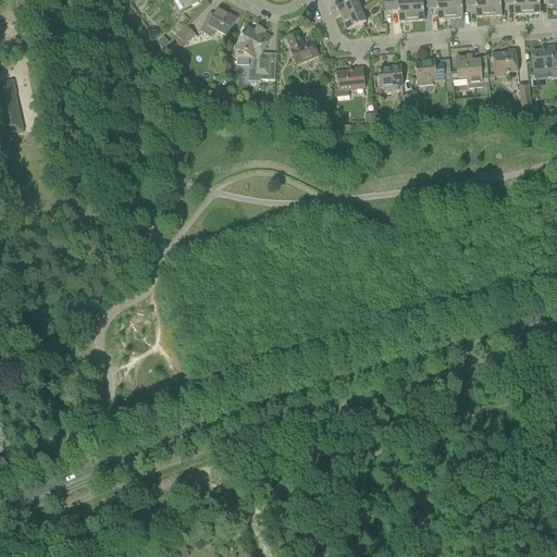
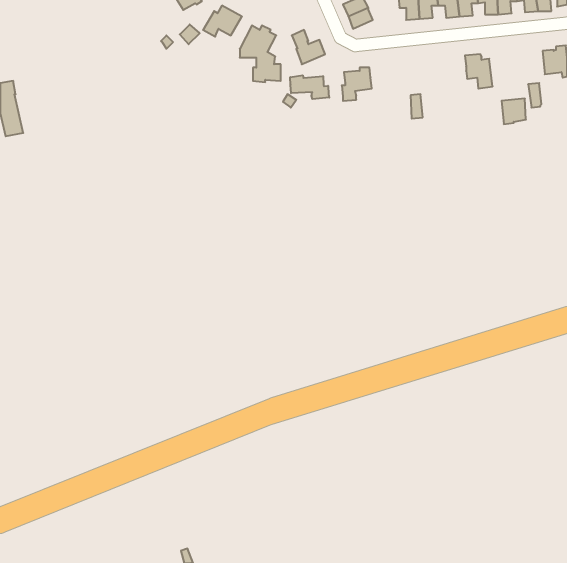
building: [493,50,517,75] -> [502,99,526,124]
building: [414,57,445,85] -> none
building: [379,64,403,89] -> none
building: none -> [290,75,329,99]

